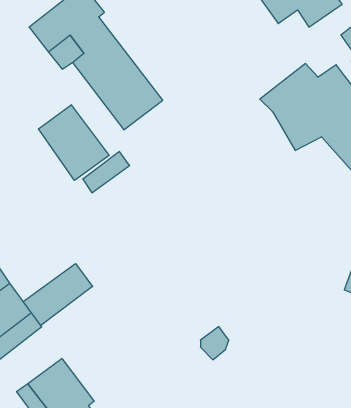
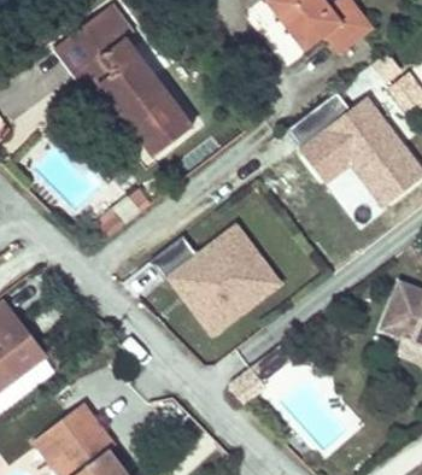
building: [38,105,109,180] -> none
building: none -> [168,221,288,339]
building: [23,264,93,326] -> none

